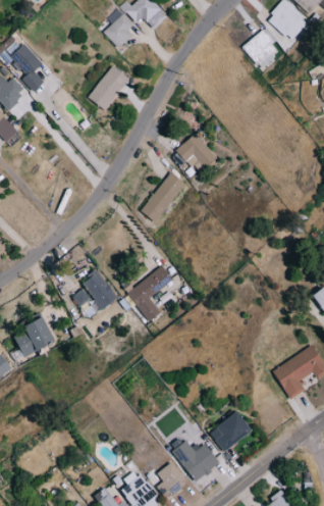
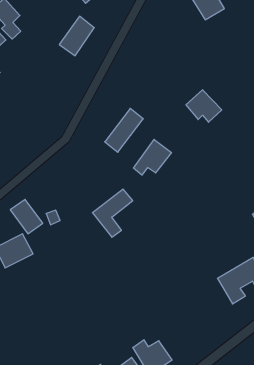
building: [175,133,217,170] -> [186,90,222,122]
building: none -> [133,139,171,175]
building: [80,269,118,309] -> [10,199,43,234]
building: [209,411,252,451] -> none

